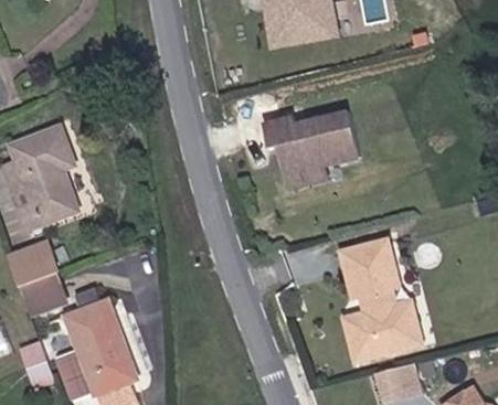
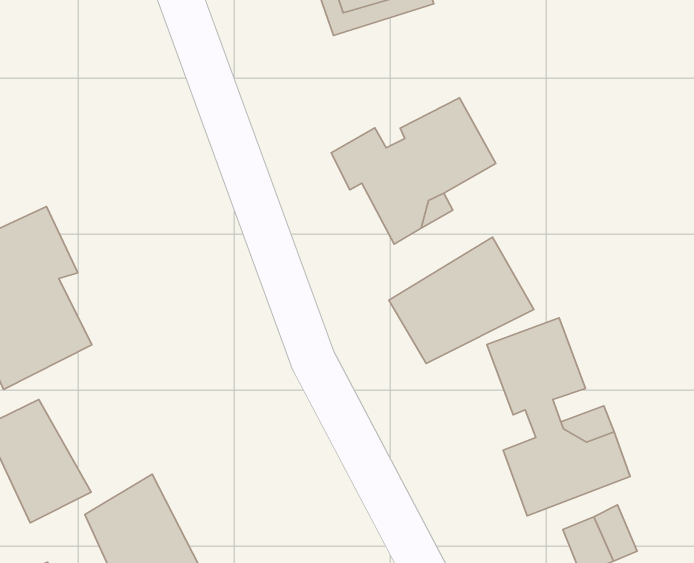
building: none -> [389,237,534,363]

